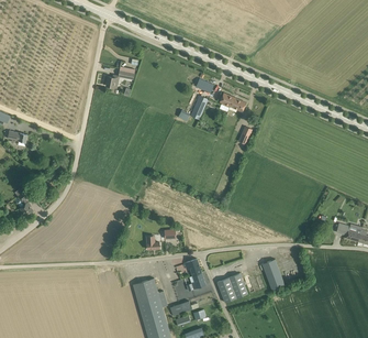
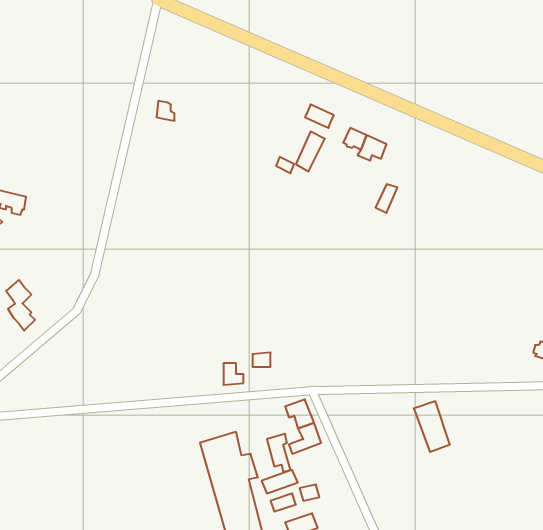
building: [216,273,246,302] -> none

